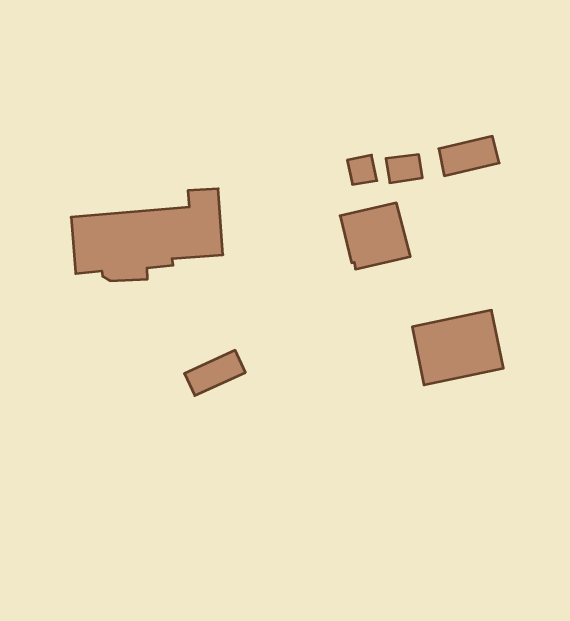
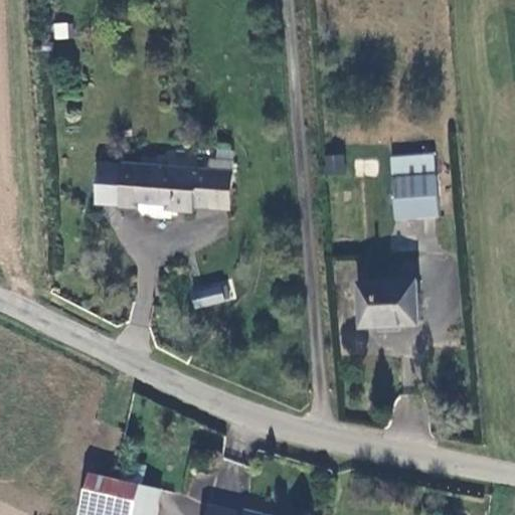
building: [340,203,410,269] -> [395,174,442,217]
building: none -> [94,163,122,205]

